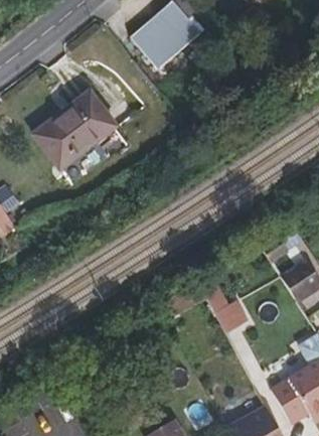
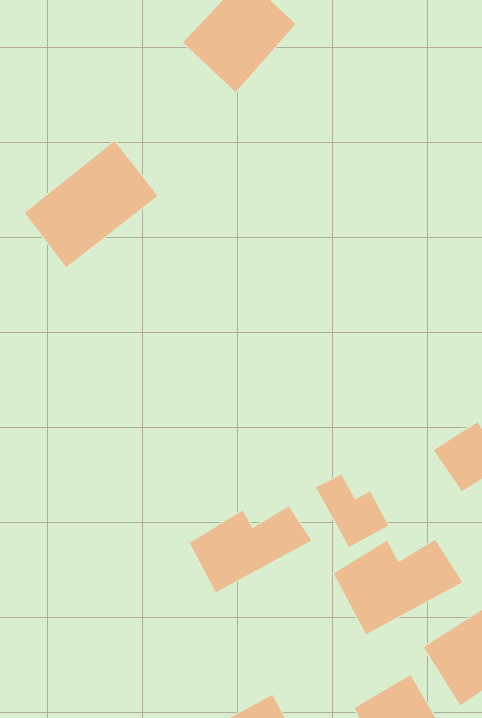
building: none -> [189,505,312,593]
building: none -> [333,539,463,635]

